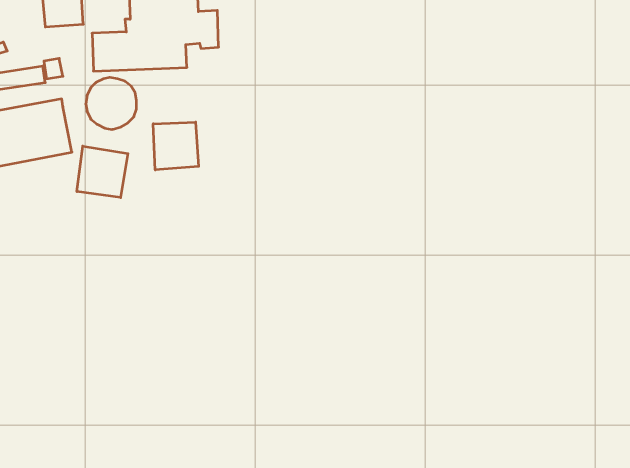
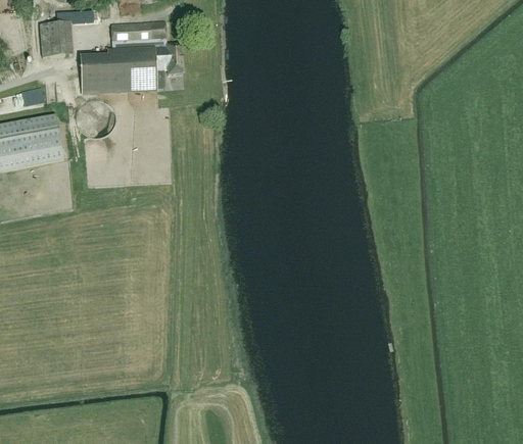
building: [153,122,199,170] -> none
building: [77,146,128,198] -> none

